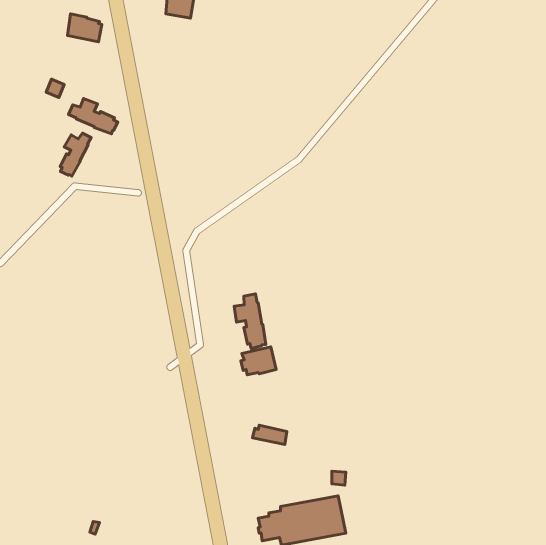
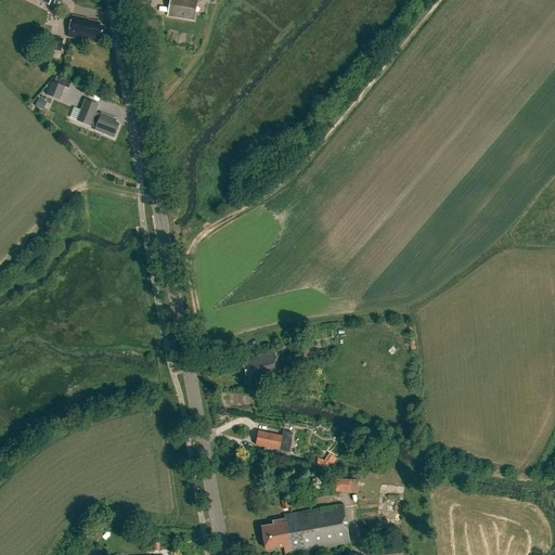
building: [60,133,91,176] -> none
building: [234,294,266,348] -> none

